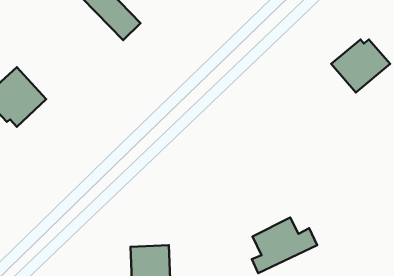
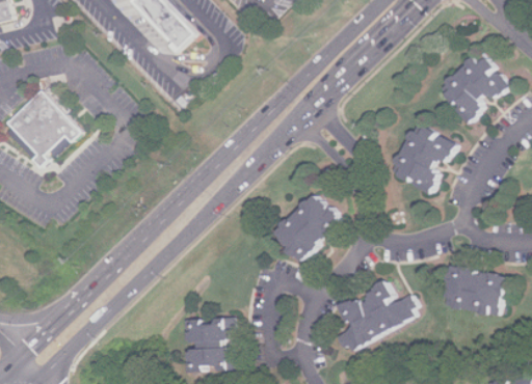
building: none -> [389,121,456,193]
building: none -> [270,192,342,262]
building: none -> [441,265,505,316]

